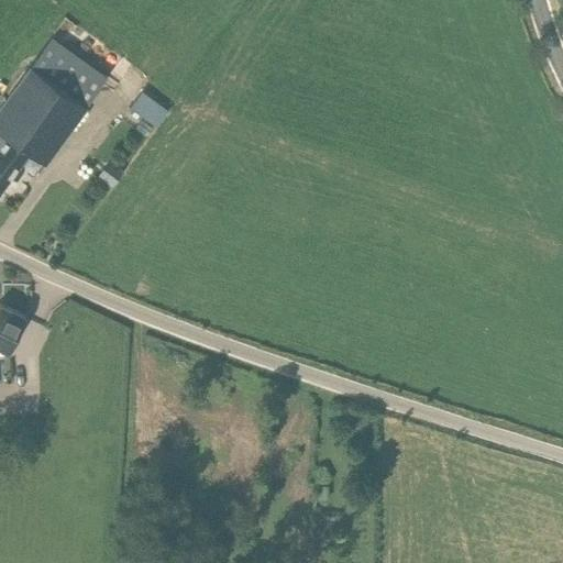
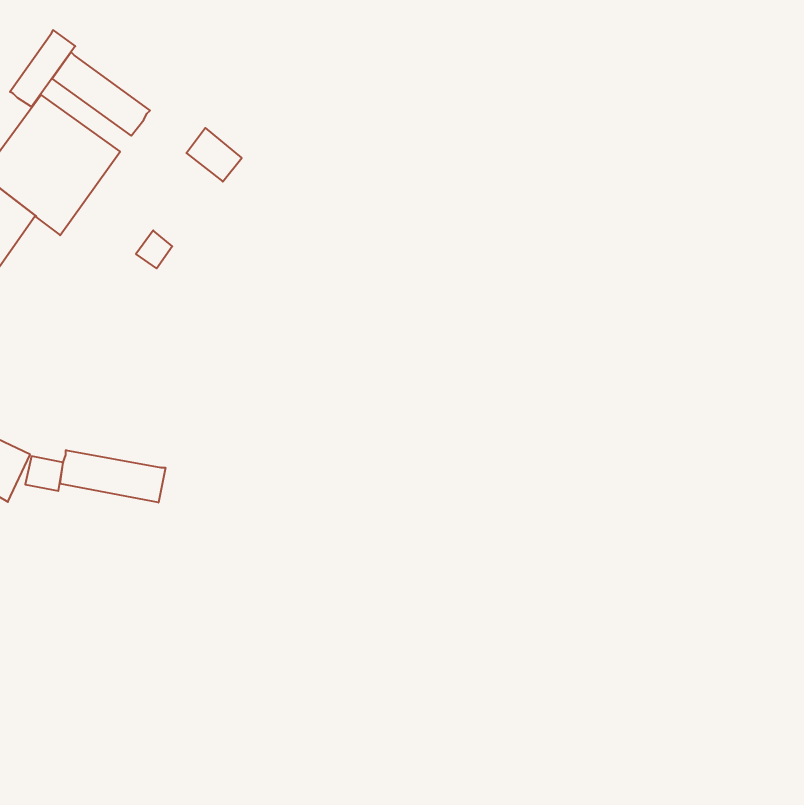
building: none -> [10,30,75,107]
building: none -> [60,450,165,503]

